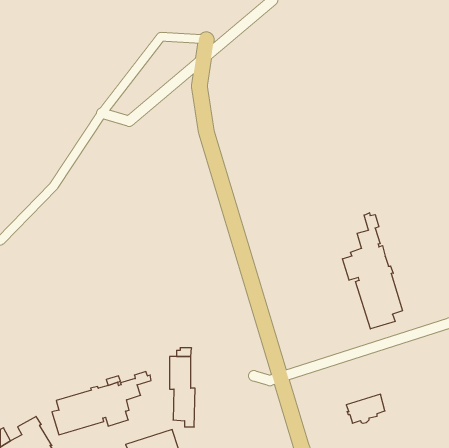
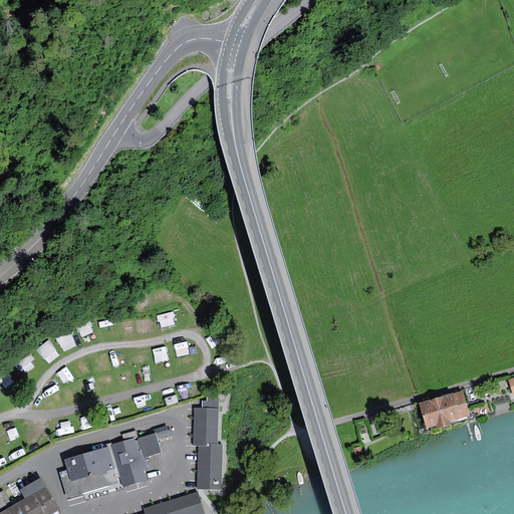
building: [342,213,403,329] -> none
building: [346,394,385,423] -> [422,396,466,429]

